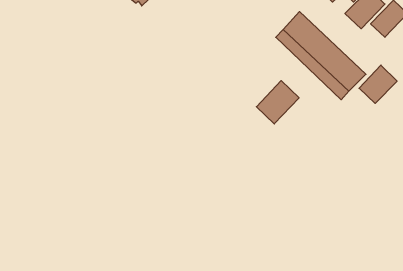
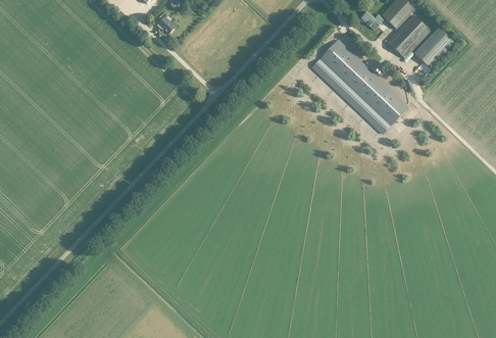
building: [359,65,397,103] -> none
building: [256,81,299,124] -> none

